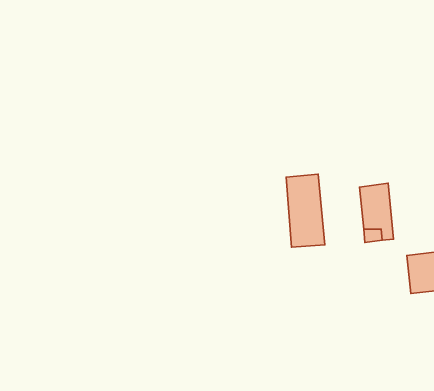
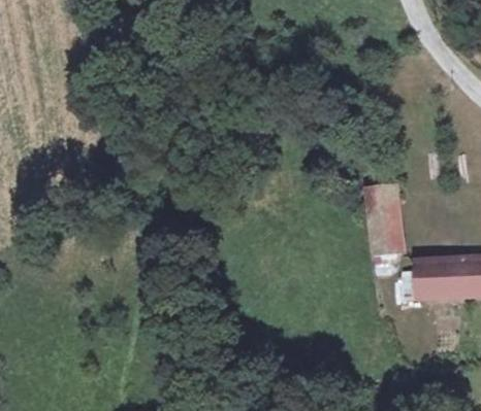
building: [286,174,325,247] -> none

